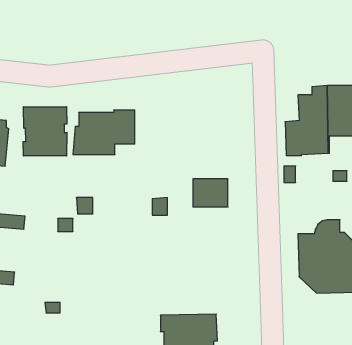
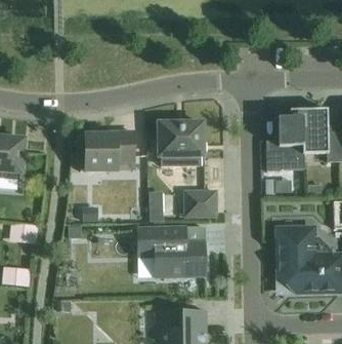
building: none -> [159,122,206,165]
building: [23,107,67,156] -> none
building: none -> [137,227,206,276]

